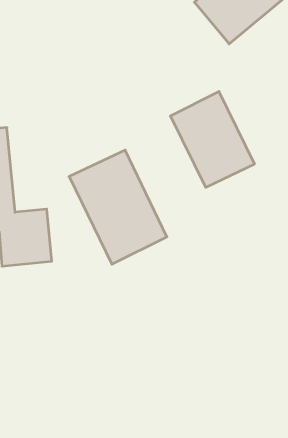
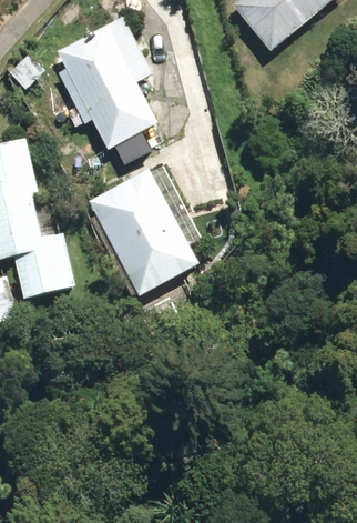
building: none -> [58,20,172,149]
building: [170,91,254,187] -> none

